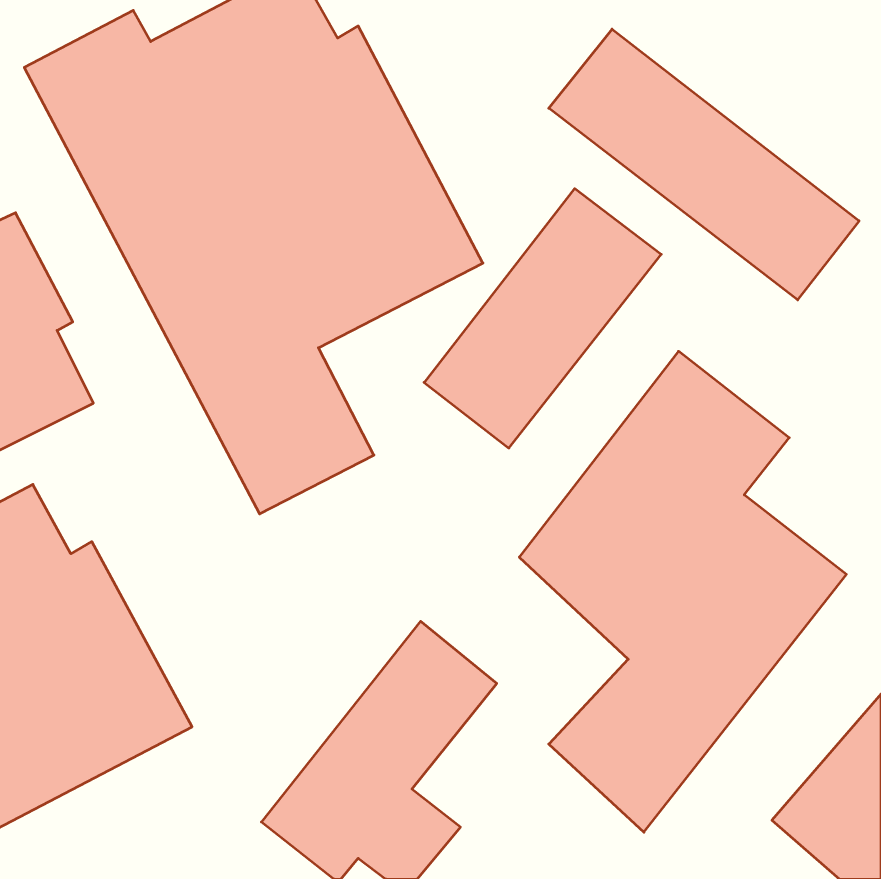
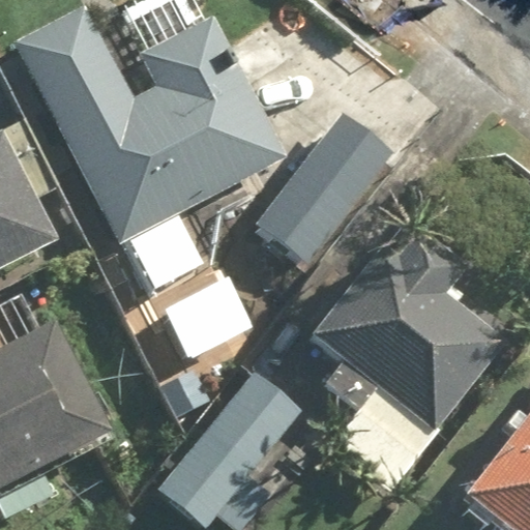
building: [549,29,859,300] -> none

